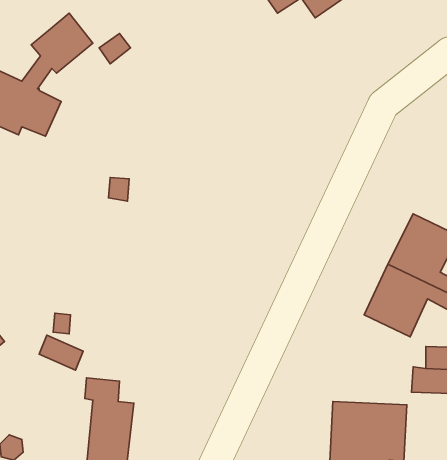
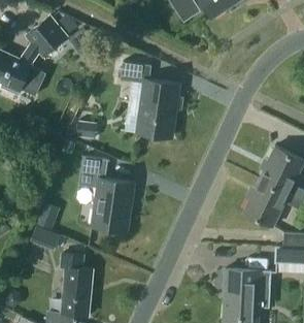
building: none -> [121,61,179,137]
building: none -> [78,155,134,231]

